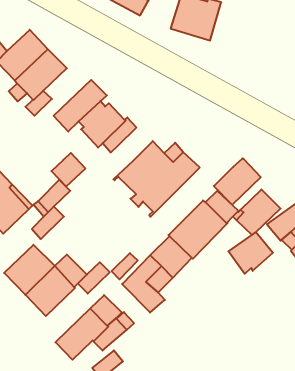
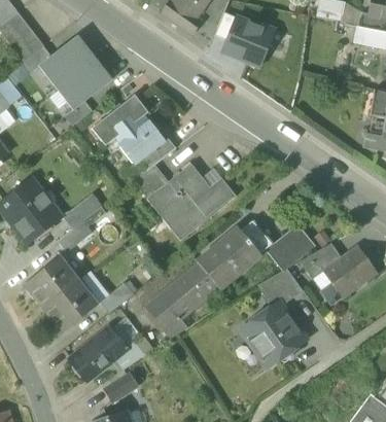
building: [51,153,85,187] -> [134,165,169,199]
building: [214,158,261,205] -> none
building: none -> [243,304,305,364]

